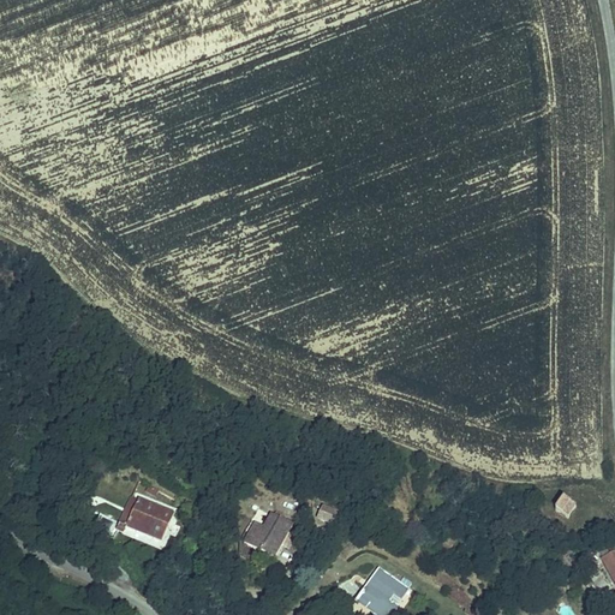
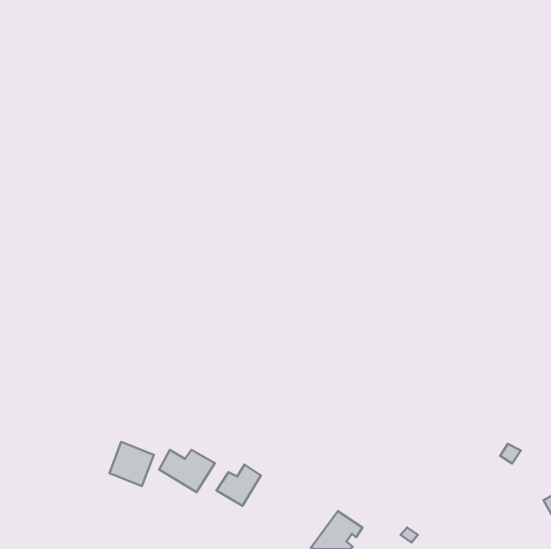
building: none -> [159,450,215,492]

